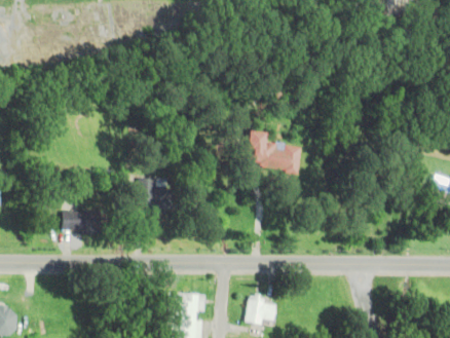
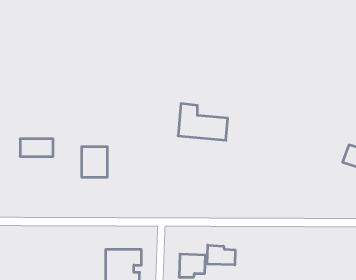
building: [63,212,100,231] -> [20,139,53,156]
building: none -> [207,245,235,265]

